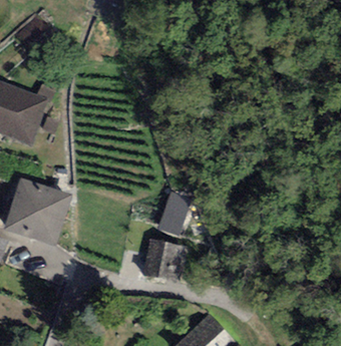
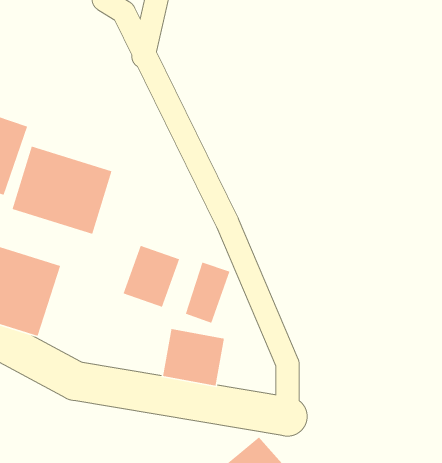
building: none -> [12,145,113,235]
building: none -> [123,245,180,308]

